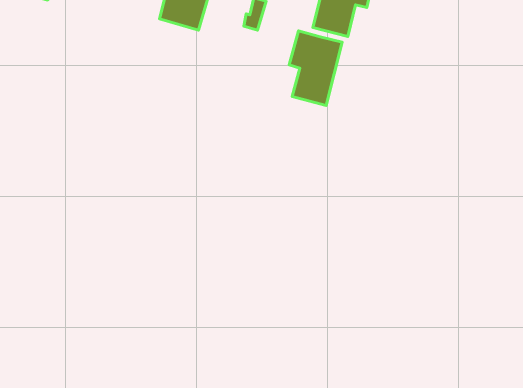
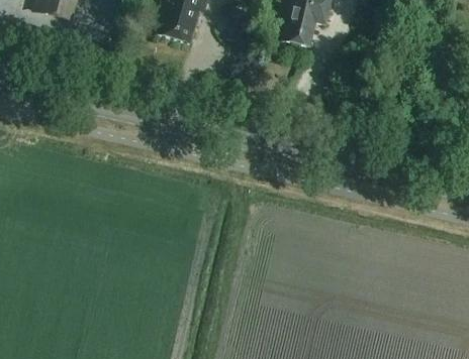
building: [289,31,342,105] -> none

